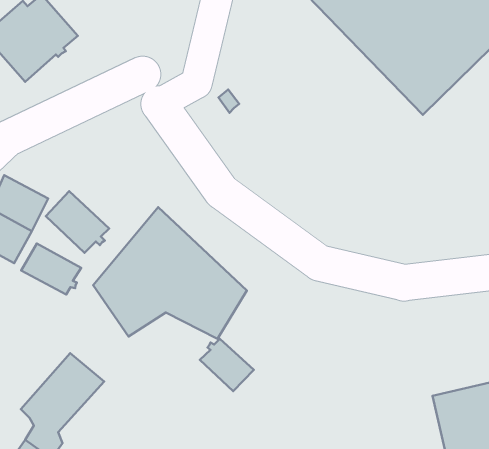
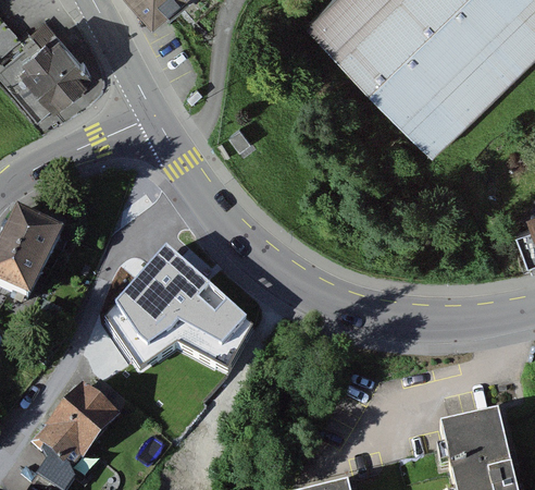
building: [46,191,109,253] -> none
building: [21,243,81,294] -> none
building: [200,339,254,391] -> none

